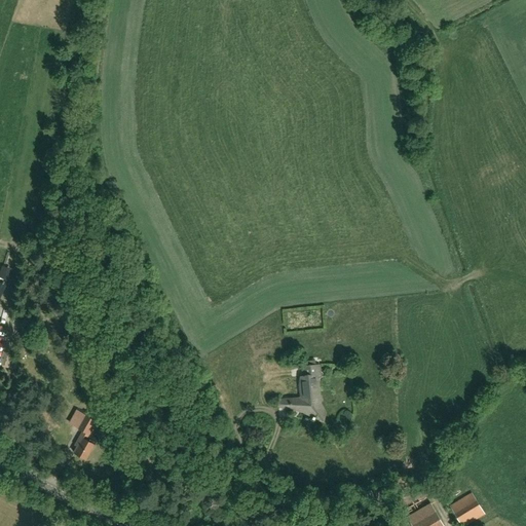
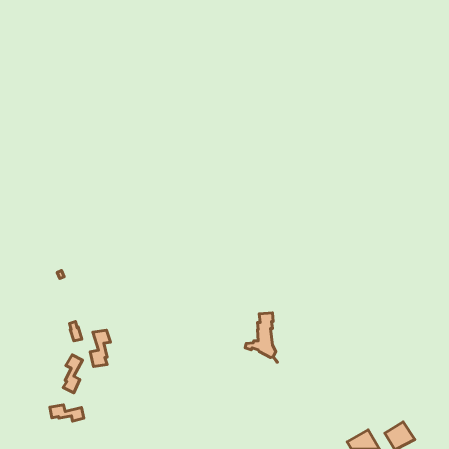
building: none -> [90,330,110,366]
building: none -> [50,405,84,421]

